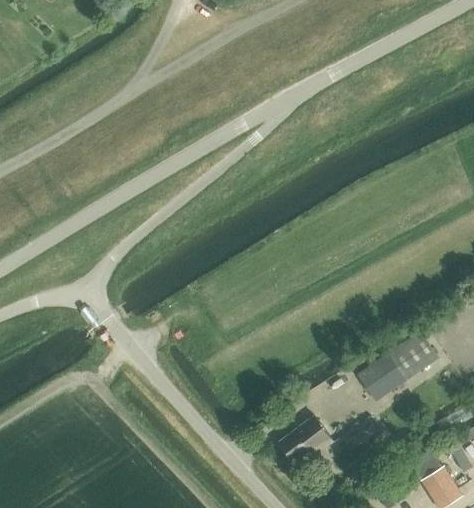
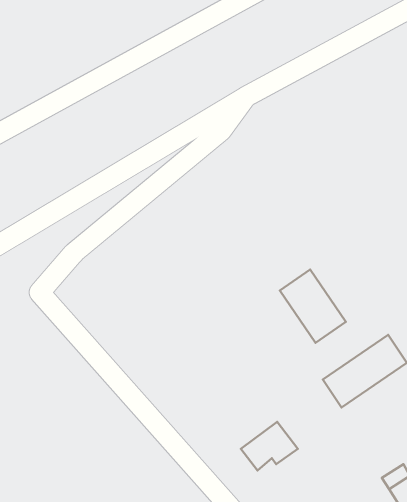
building: none -> [280,270,346,343]

